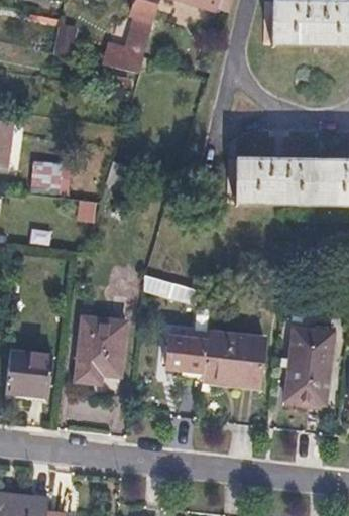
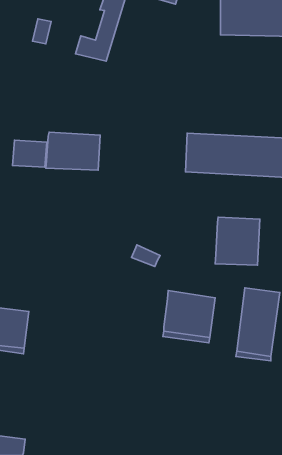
building: none -> [46,132,100,170]
building: none -> [215,217,260,265]
building: [74,315,125,381] -> none
building: [165,335,207,370] -> none

